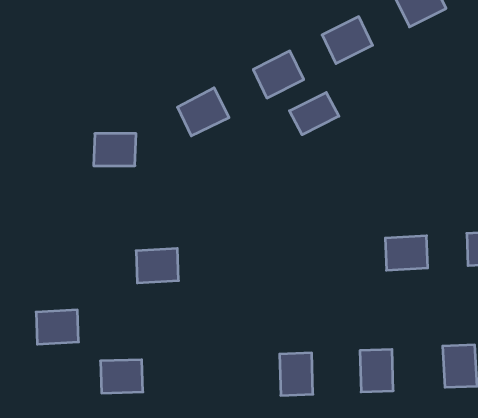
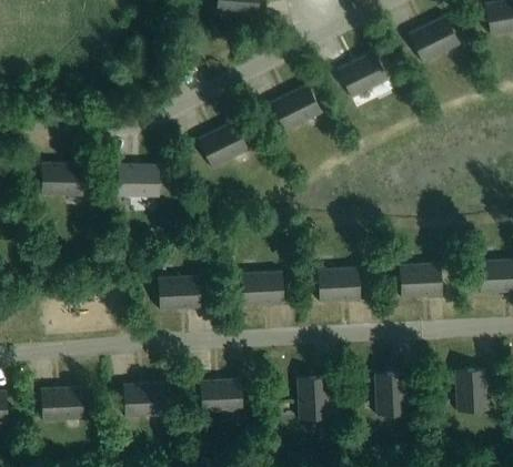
building: [289,92,339,135] -> none
building: none -> [42,163,82,195]
building: none -> [318,268,360,302]
building: none -> [241,272,283,305]
building: [36,310,79,344] -> [41,387,82,420]
building: none -> [200,379,242,413]

